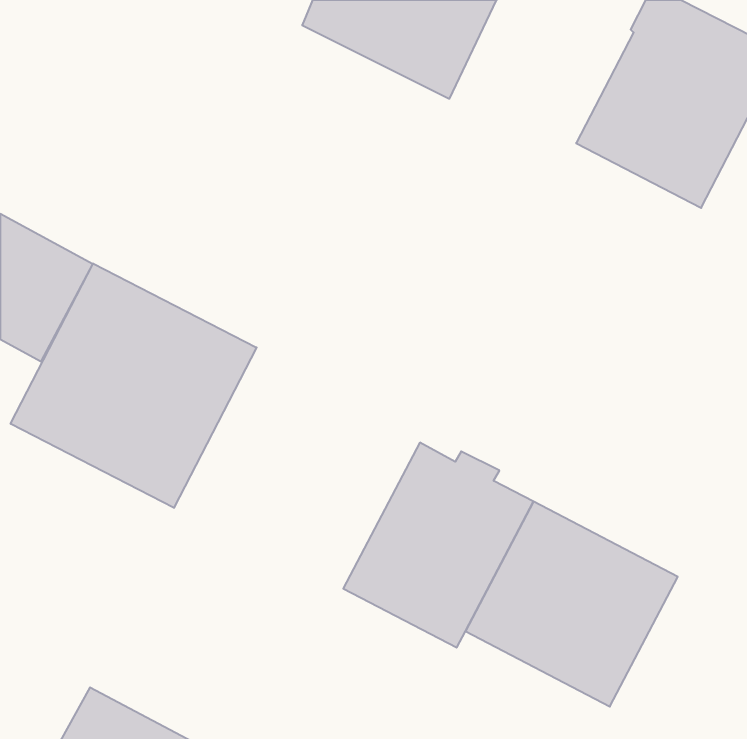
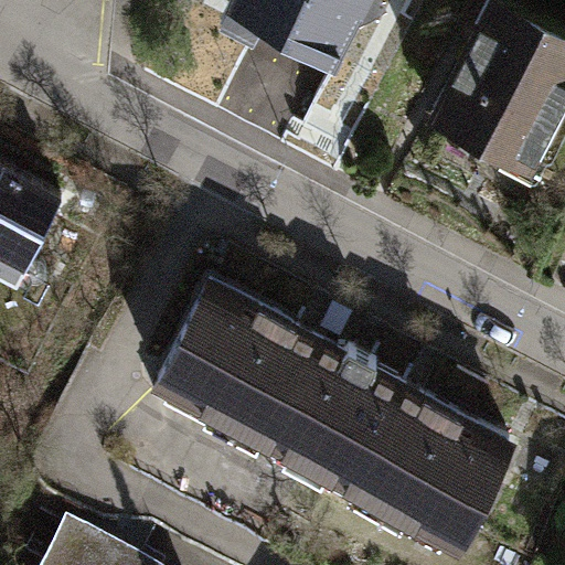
building: [11,263,257,508] -> none
building: none -> [157,288,319,451]

